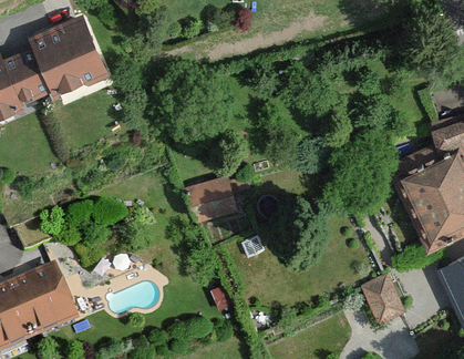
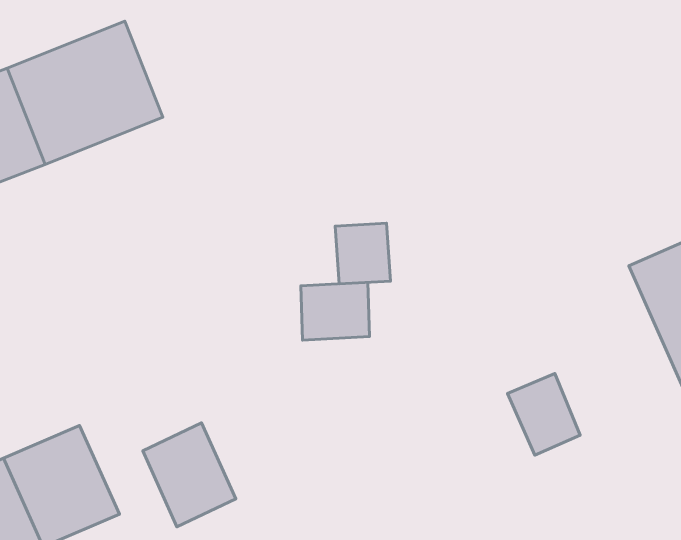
building: none -> [335,223,390,284]
building: none -> [143,423,236,527]
building: [363,273,408,322] -> [508,373,580,455]

